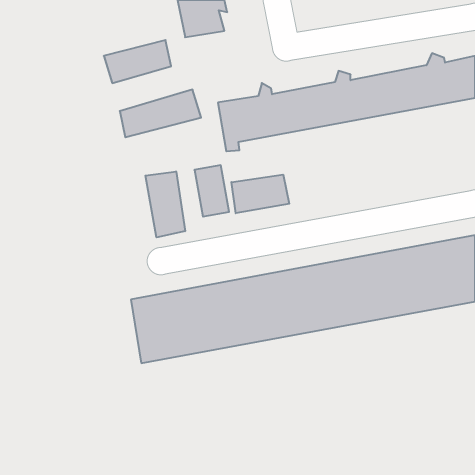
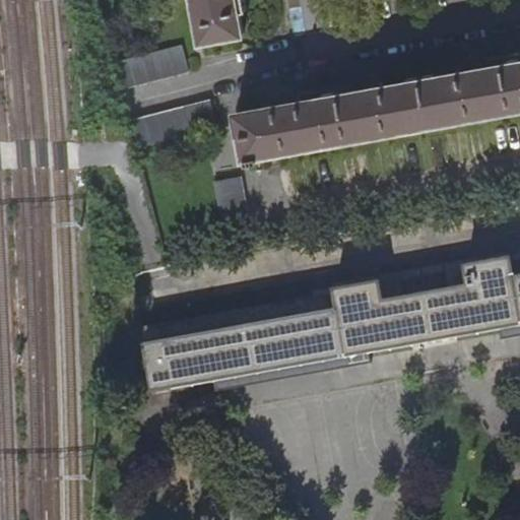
building: [145,171,185,237] -> none
building: [231,175,289,213] -> none

